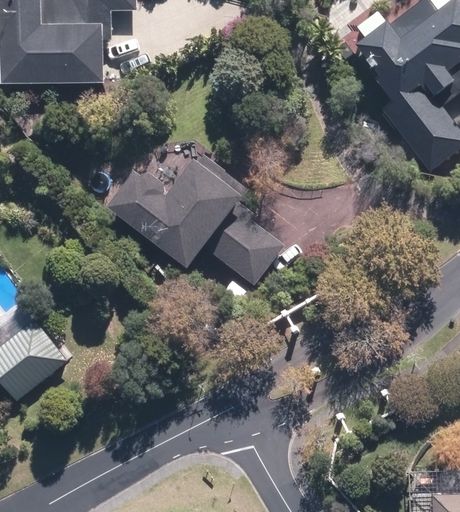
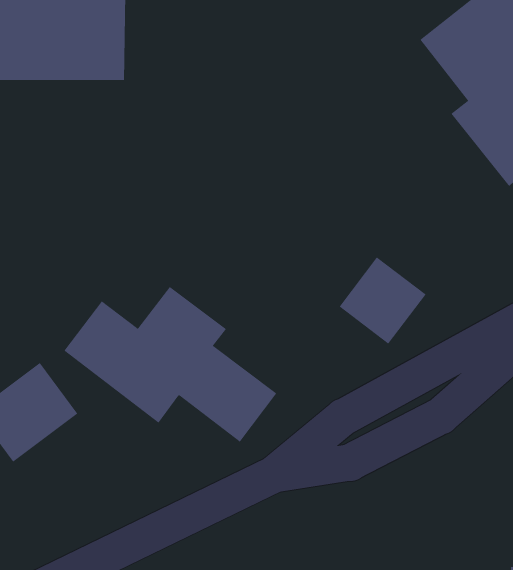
building: [107,153,286,284] -> [63,286,277,442]
building: none -> [339,257,426,345]

